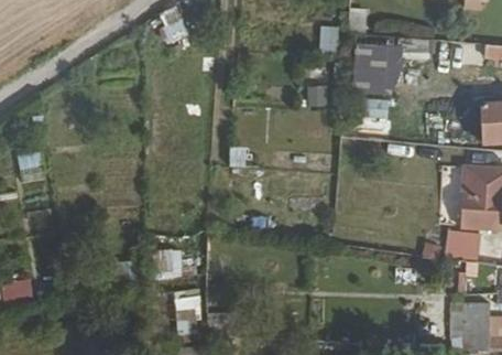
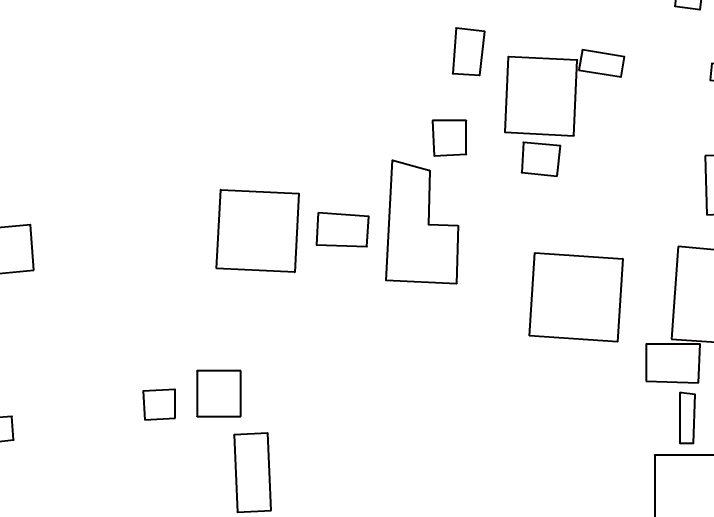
building: none -> [386,160,458,284]
building: none -> [217,190,299,272]
building: none -> [530,253,623,342]

